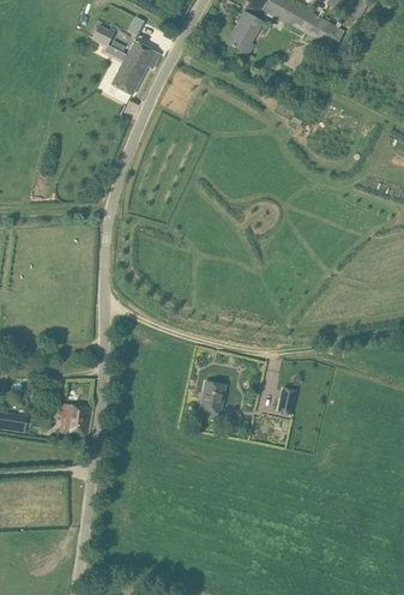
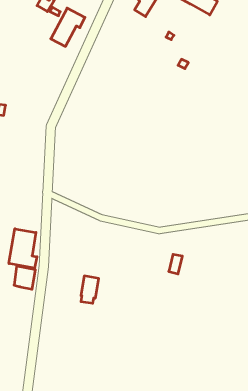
building: none -> [9,229,37,268]
building: [200,380,225,419] -> [81,276,99,303]

